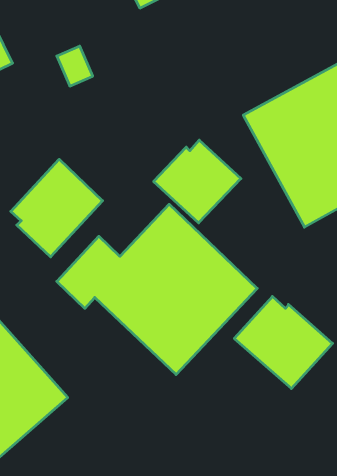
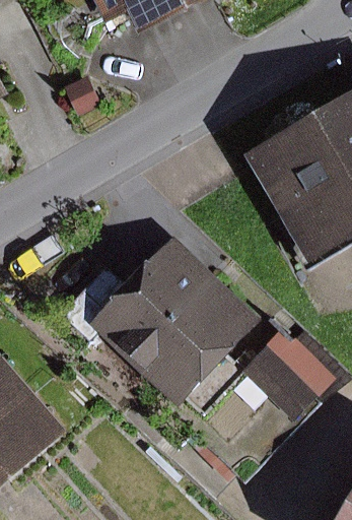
building: [154,140,241,223] -> none
building: [11,159,103,257] -> none

